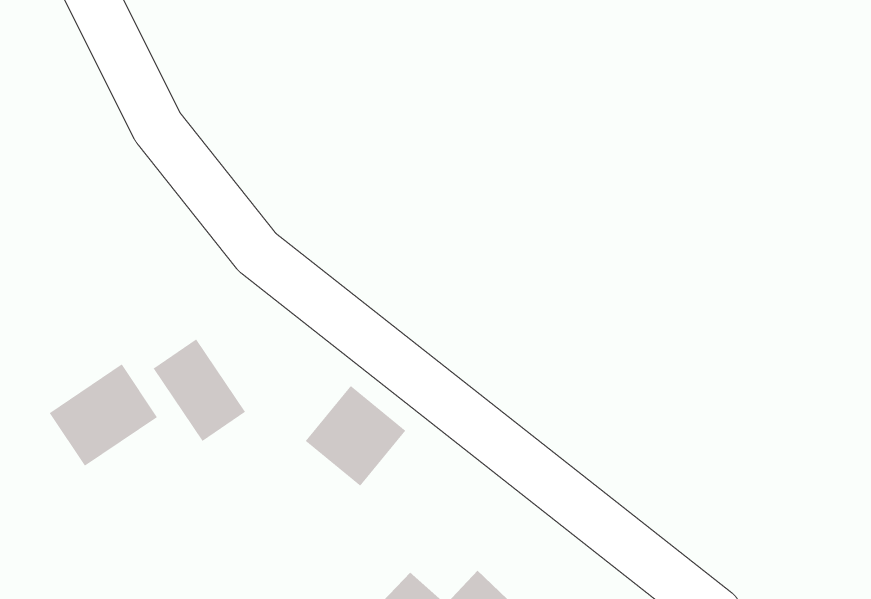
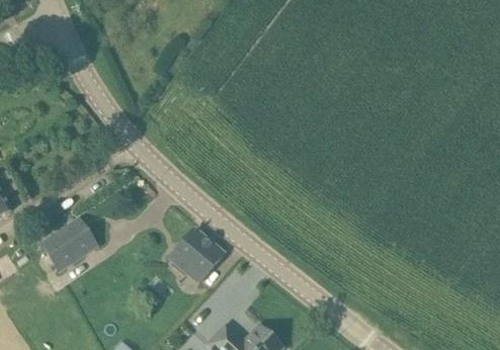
building: [153,338,246,442] -> none

